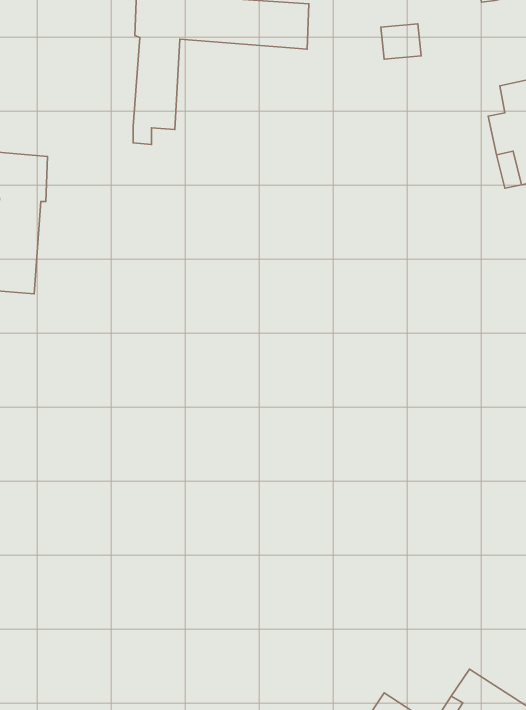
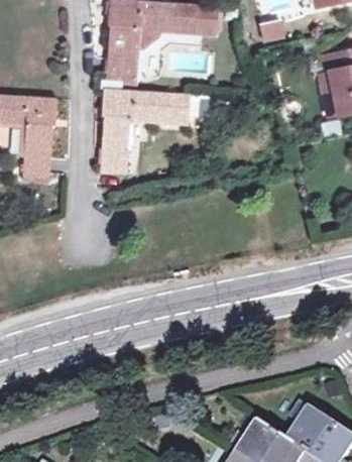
building: none -> [101,90,196,174]

